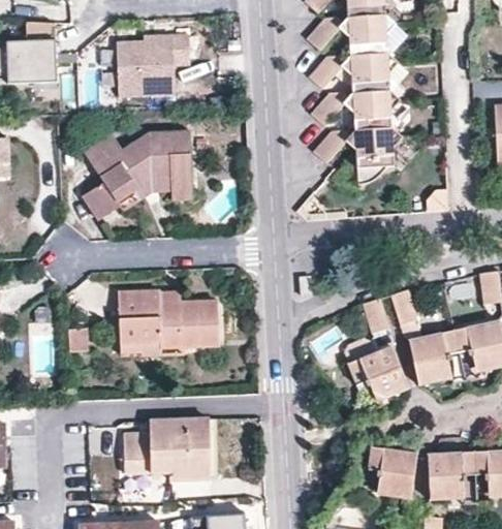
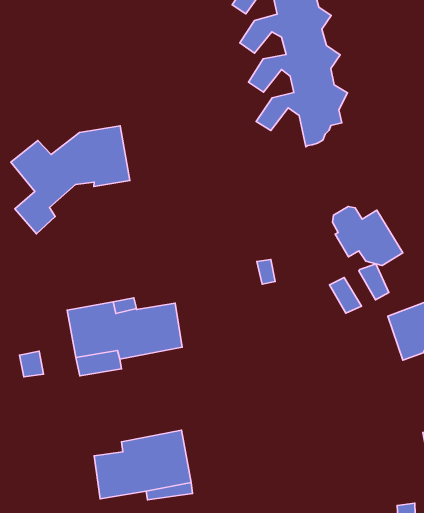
building: [116,34,189,97] -> none
building: [114,180,191,213] -> none
building: [347,339,408,398] -> [332,206,403,266]
building: [367,445,416,497] -> none

